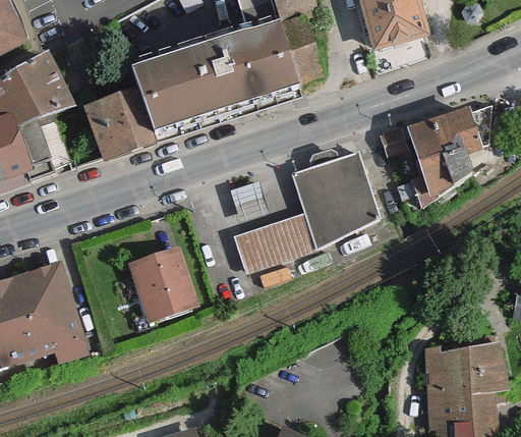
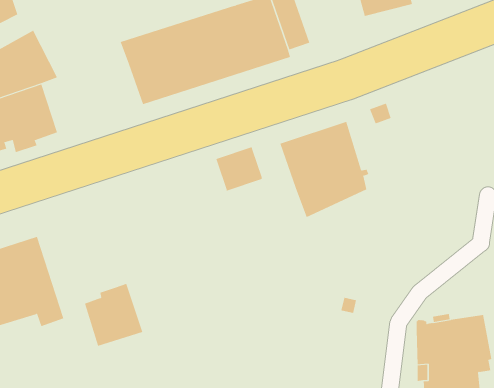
building: [84,92,154,154] -> none
building: [409,96,486,205] -> none
building: [238,215,315,269] -> none
building: [133,249,192,312] -> [84,283,143,346]

